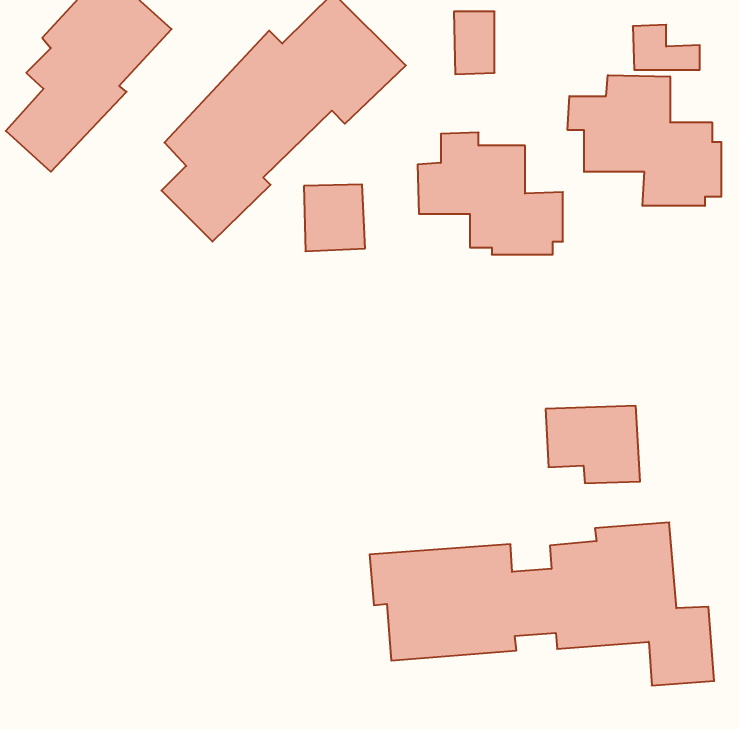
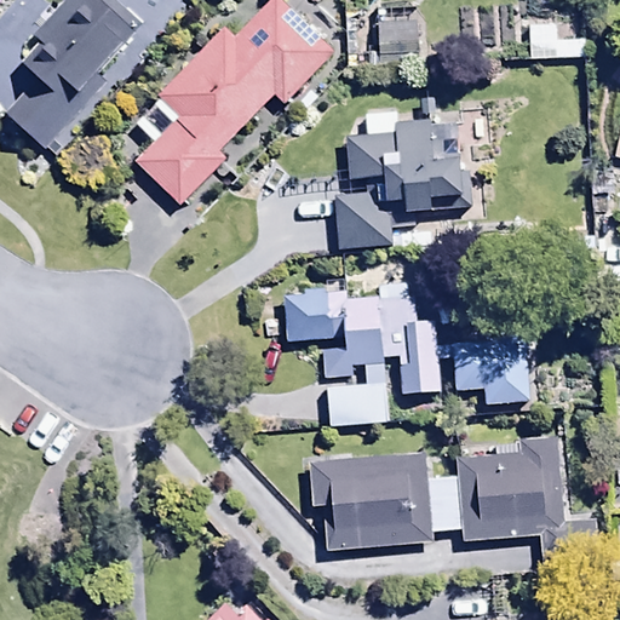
building: [568,75,721,206] -> none
building: [304,184,365,251] -> [335,191,386,247]
building: none -> [286,272,448,424]

